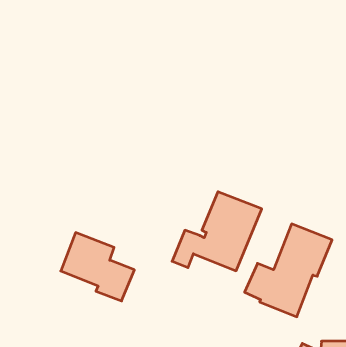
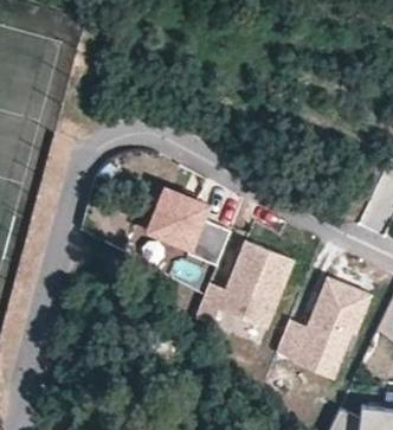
building: [61,233,134,301] -> [148,190,230,265]

